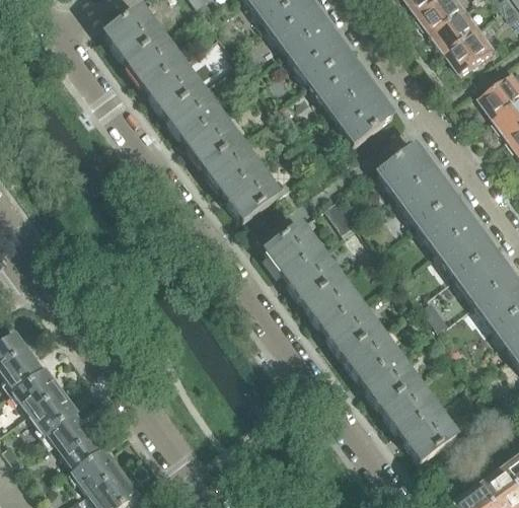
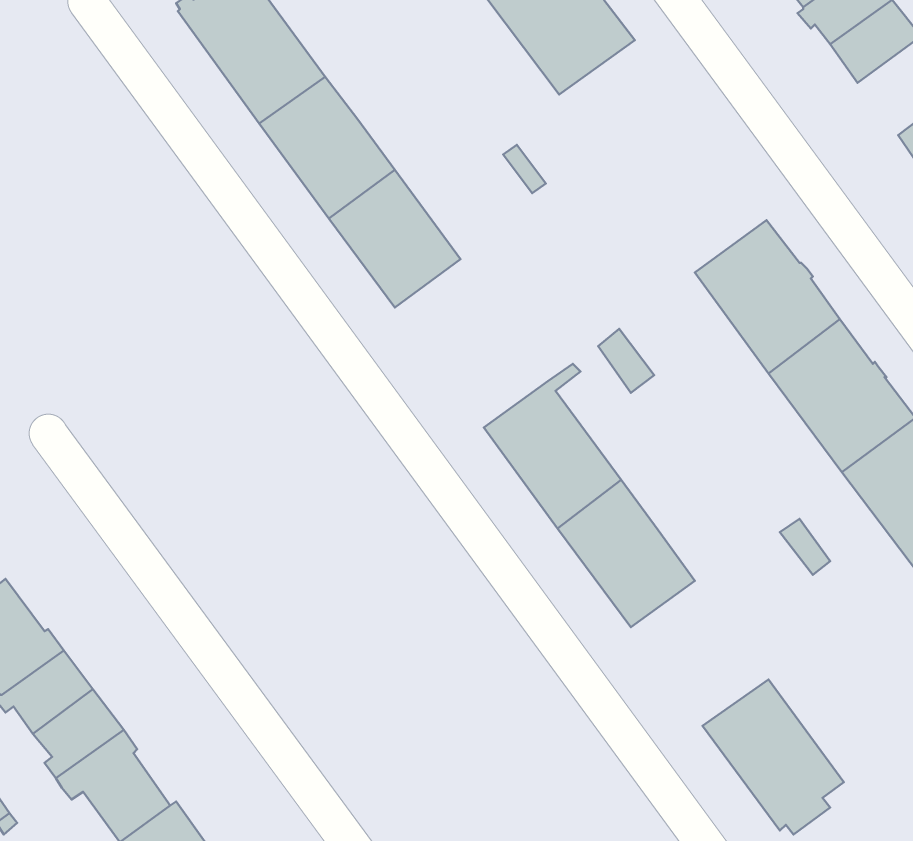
building: [305,47,392,141] -> none
building: [219,161,290,219] -> none
building: [343,330,415,406] -> none

